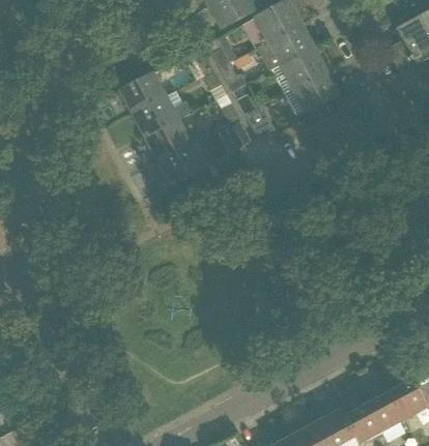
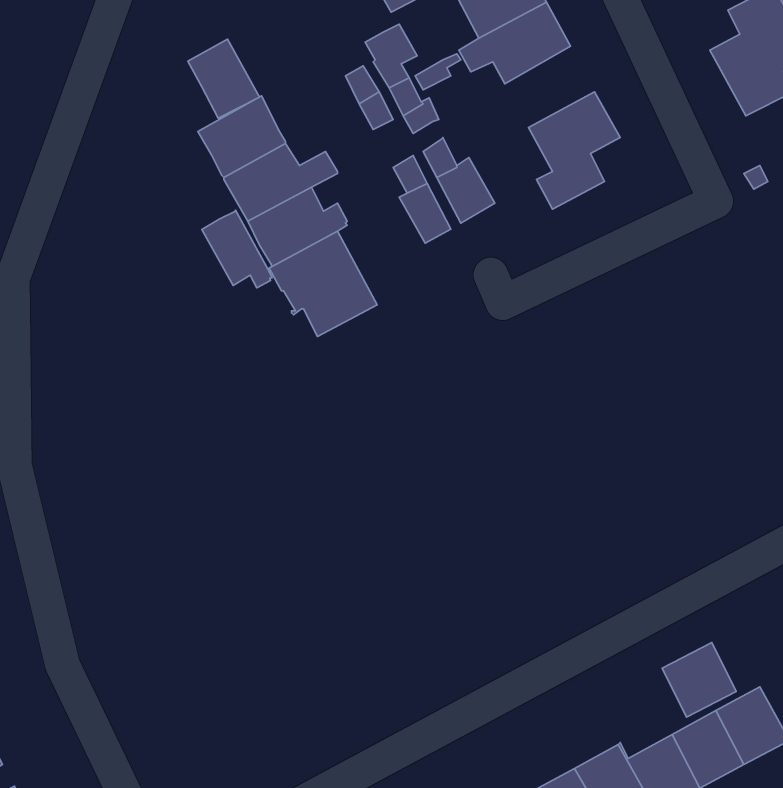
building: none -> [188,39,259,118]
building: [279,46,325,88] -> none
building: none -> [202,210,272,288]
building: none -> [662,642,736,717]

